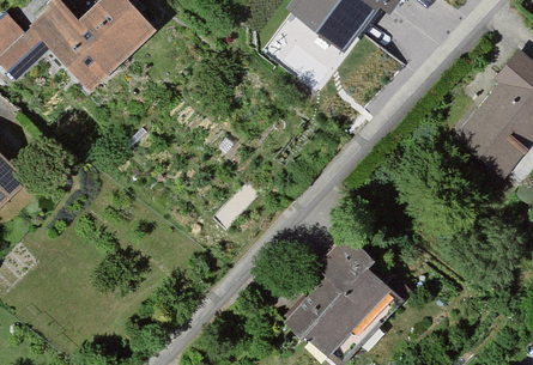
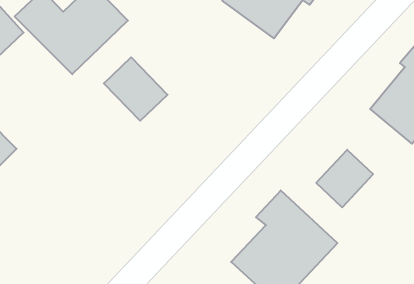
building: none -> [104,57,168,121]
building: none -> [316,150,373,207]

